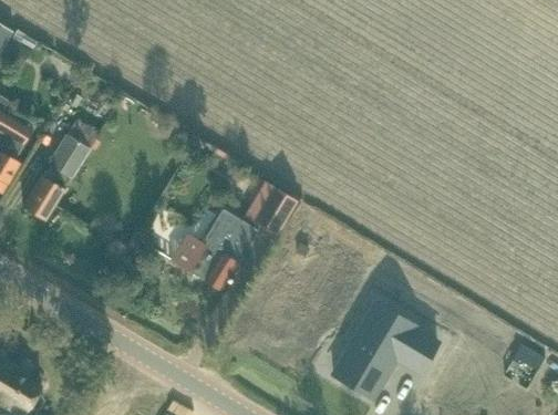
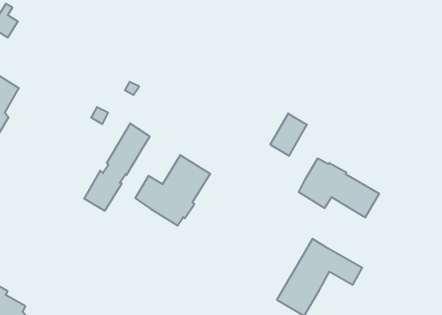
building: [21,118,99,221] -> [84,123,150,211]
building: [254,187,297,237] -> [270,113,307,156]
building: none -> [299,158,379,217]

